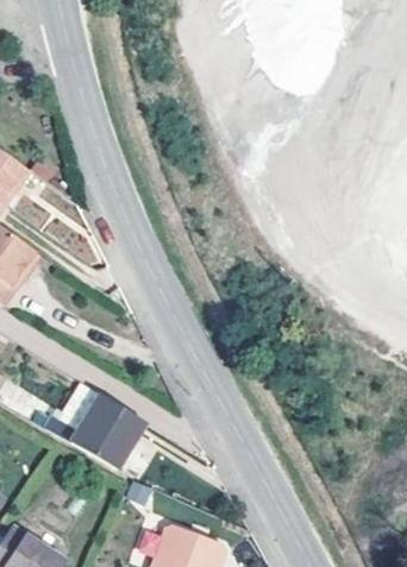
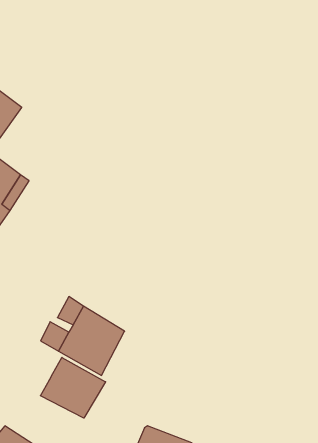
building: none -> [40,357,106,418]

